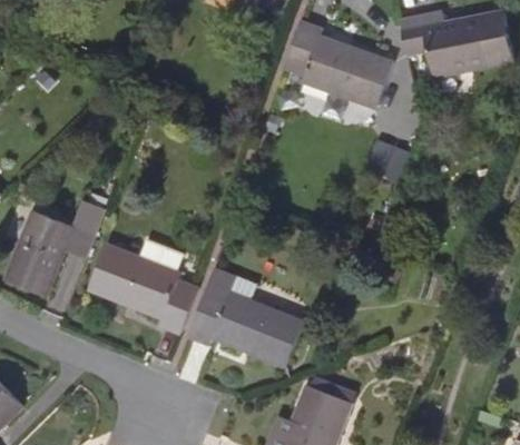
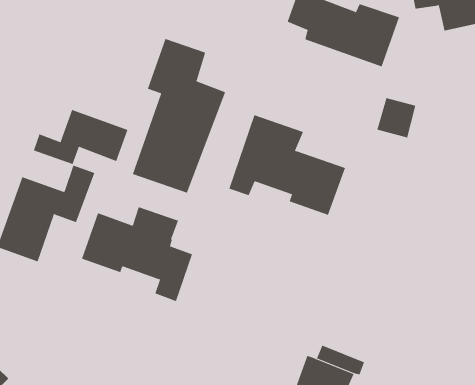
building: none -> [132,38,226,193]
building: none -> [33,109,128,165]
building: [188,266,301,363] -> [228,115,346,216]

